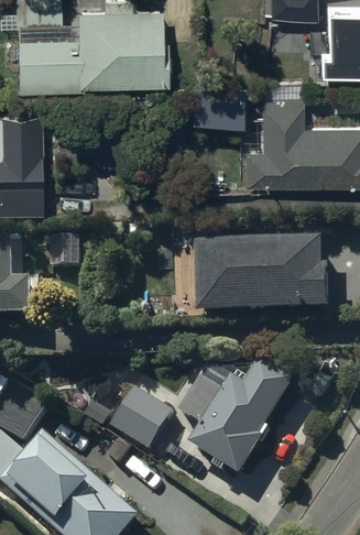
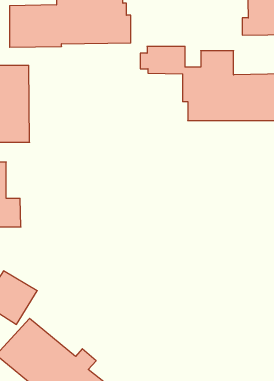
building: [176,249,330,319] -> none
building: [181,368,295,484] -> none
building: [109,382,172,445] -> none

